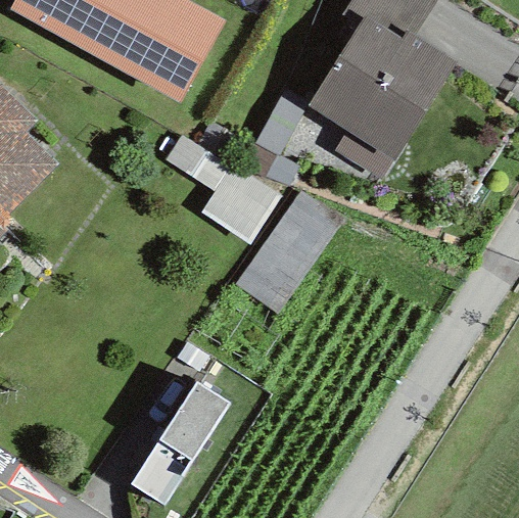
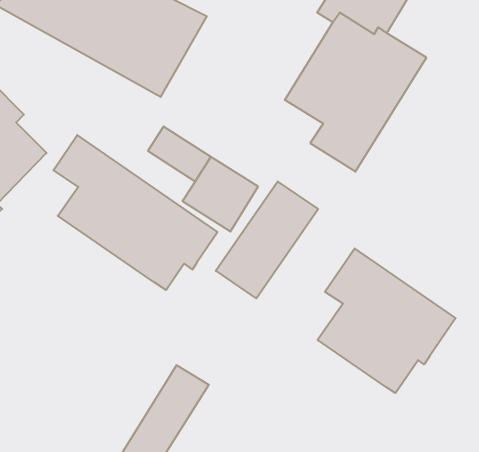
building: none -> [53,135,217,290]
building: none -> [318,248,456,393]

